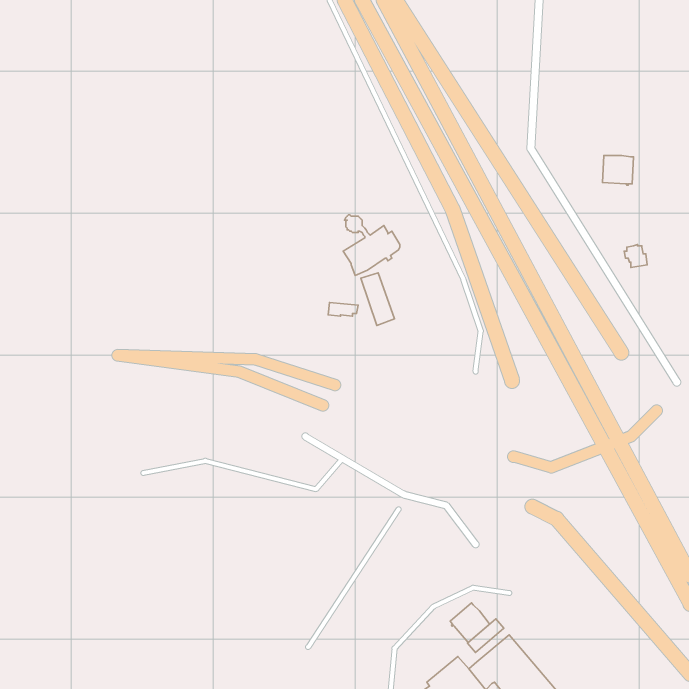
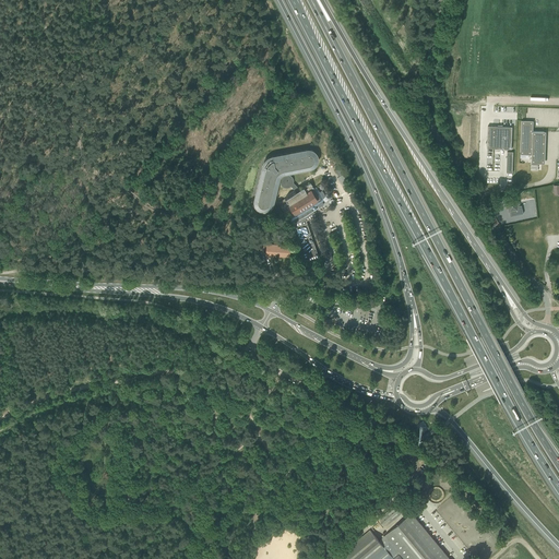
building: none -> [521,121,545,159]
building: none -> [254,150,319,212]
building: [450,603,490,642] -> none

